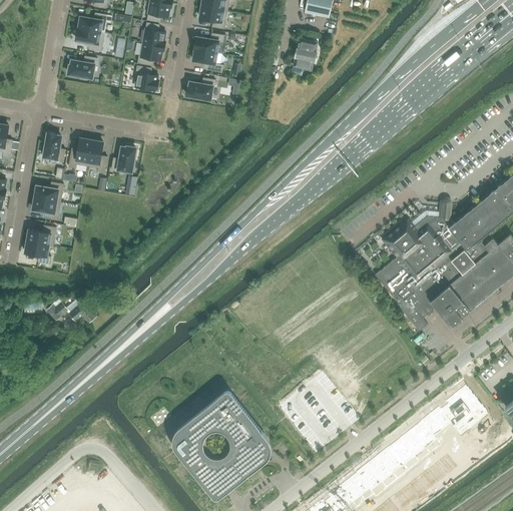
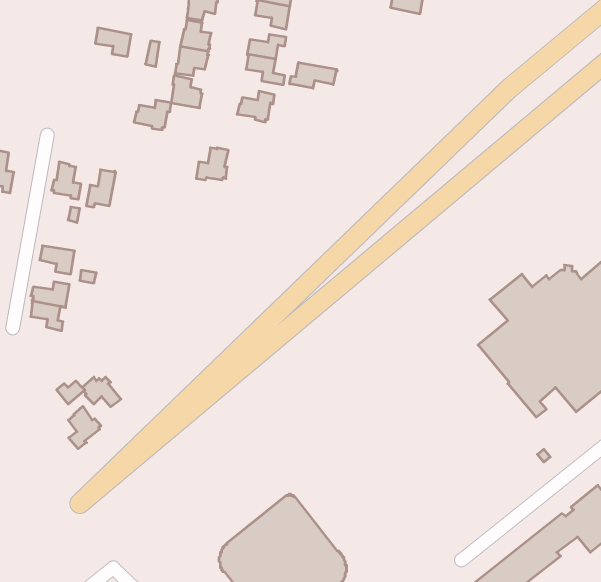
building: [78,13,112,33] -> none
building: [294,37,318,69] -> none
building: none -> [290,62,337,88]
building: [68,56,97,79] -> [134,100,171,130]
building: [87,140,107,172] -> none
building: [111,146,136,171] -> [196,148,228,180]
building: [35,182,64,201] -> none
building: none -> [68,406,101,449]

